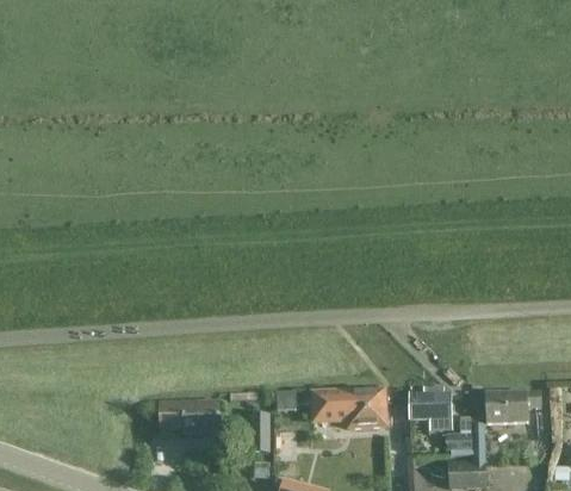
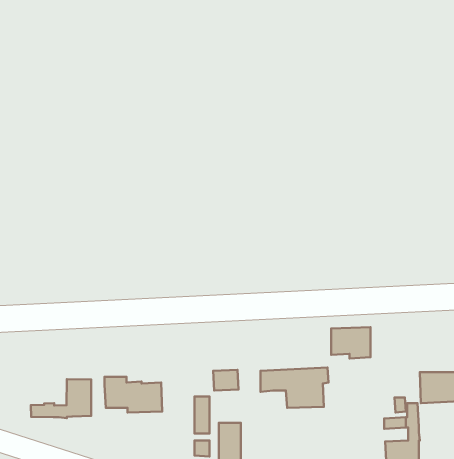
building: [410,392,451,424] -> [331,327,370,358]
building: none -> [31,379,91,418]

